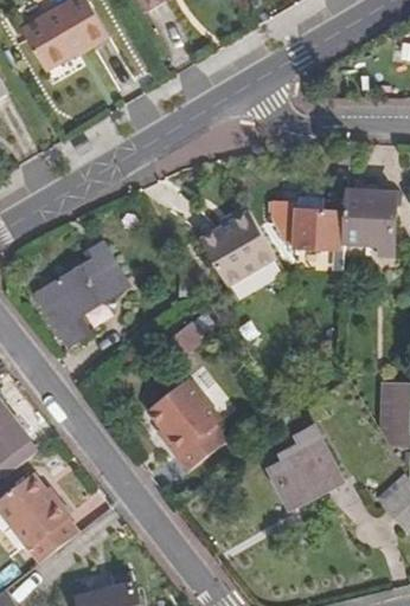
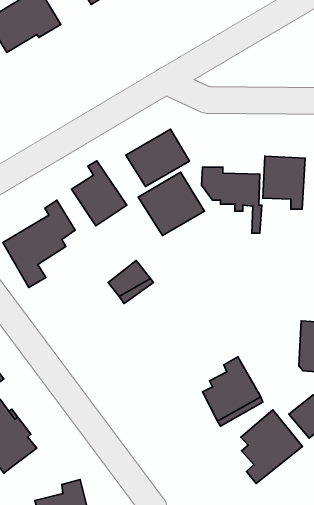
building: none -> [126,129,189,186]
building: none -> [71,161,127,226]
building: [149,378,229,471] -> none
building: none -> [241,410,302,483]

